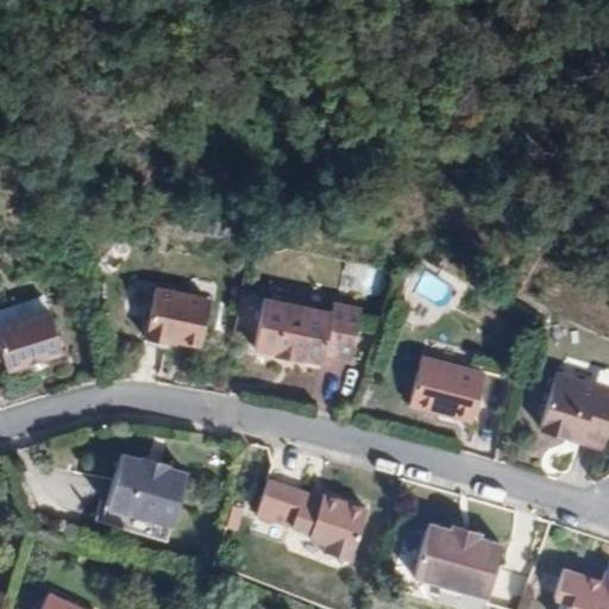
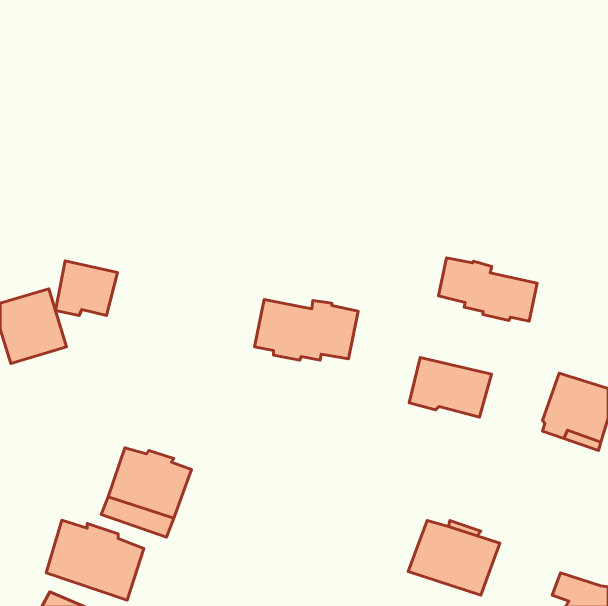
building: none -> [438,258,537,321]
building: [150,282,212,337] -> [56,261,117,315]
building: [253,479,366,565] -> none
building: none -> [46,520,144,600]

